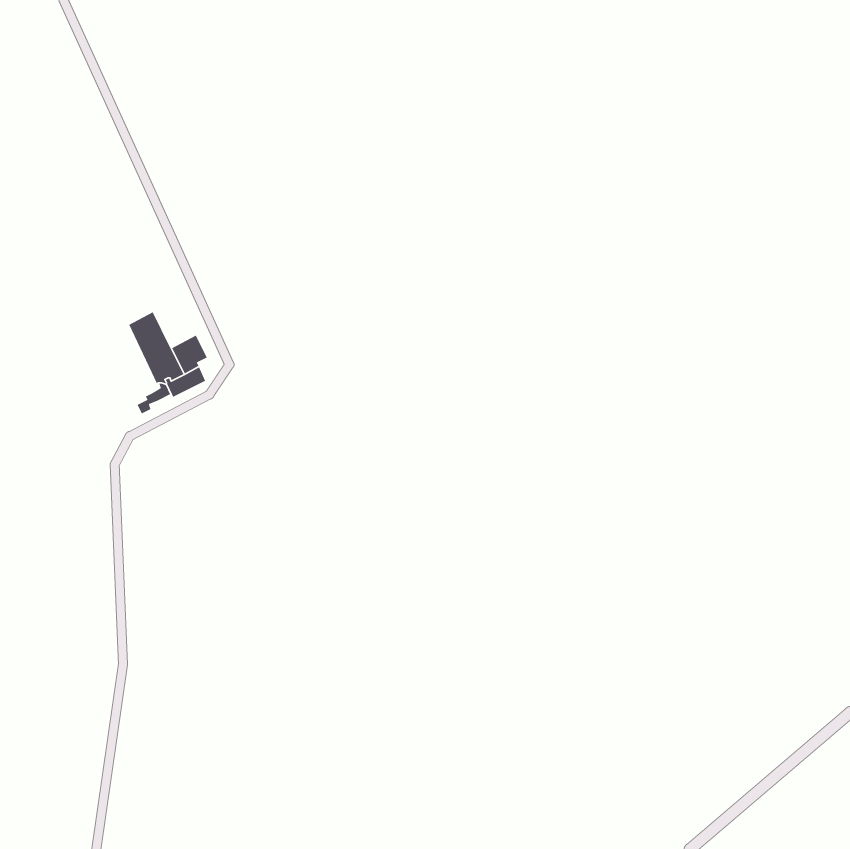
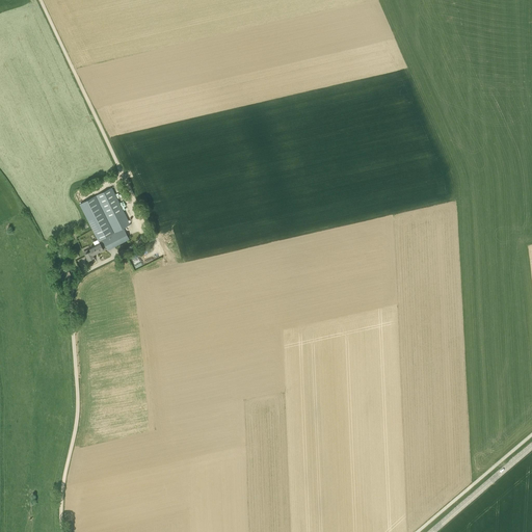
building: none -> [96,186,123,217]

